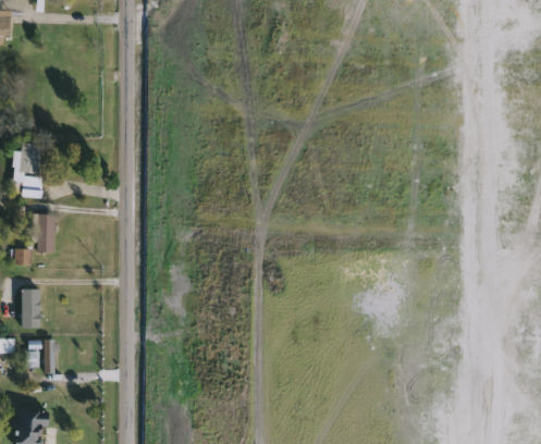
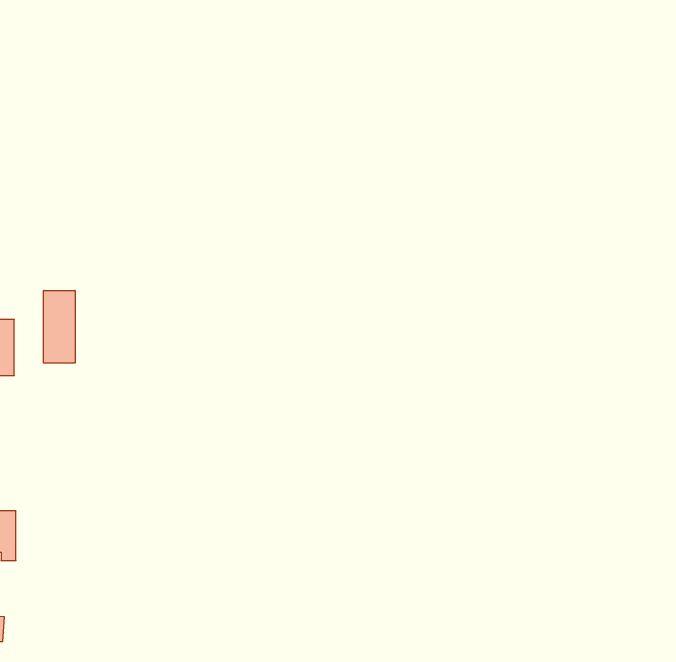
building: none -> [44,290,75,363]

